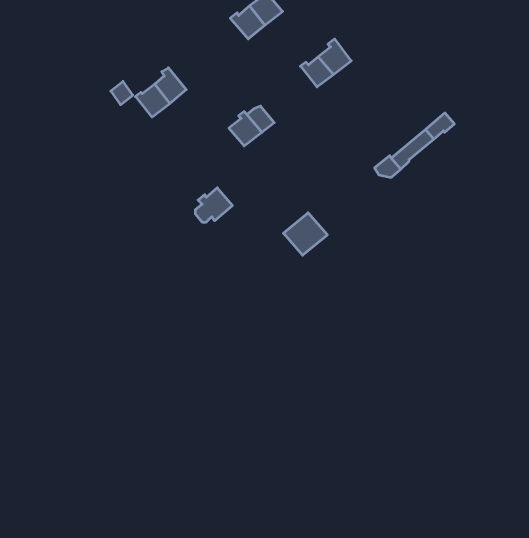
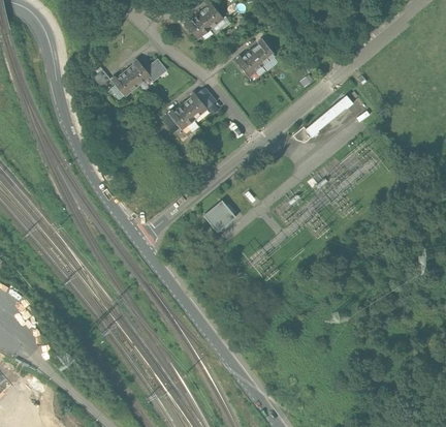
building: [195,188,232,222] -> [165,105,193,131]
building: [283,213,327,255] -> [202,201,235,233]

